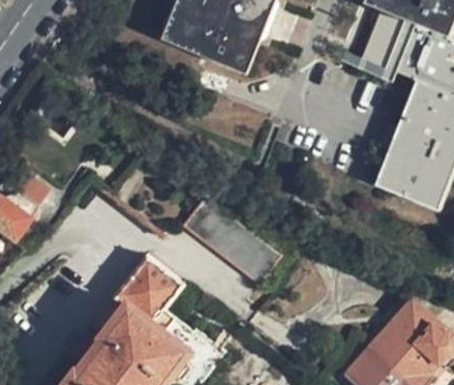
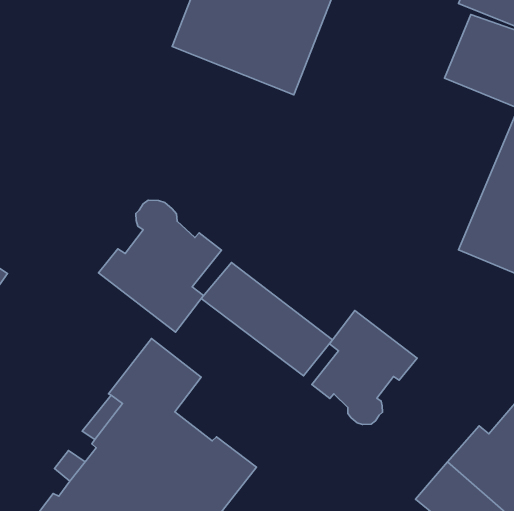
building: none -> [98,200,221,332]
building: none -> [312,310,417,424]

